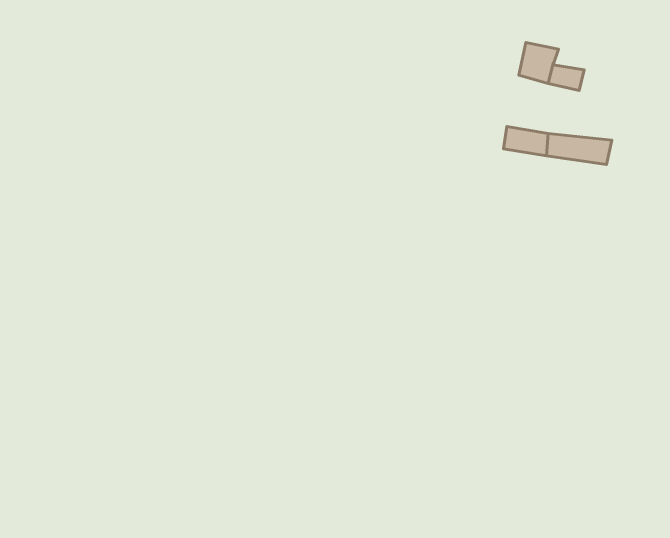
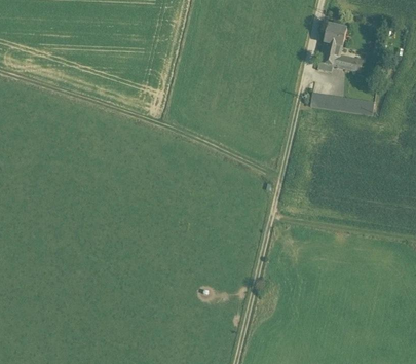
building: none -> [323,23,346,45]

